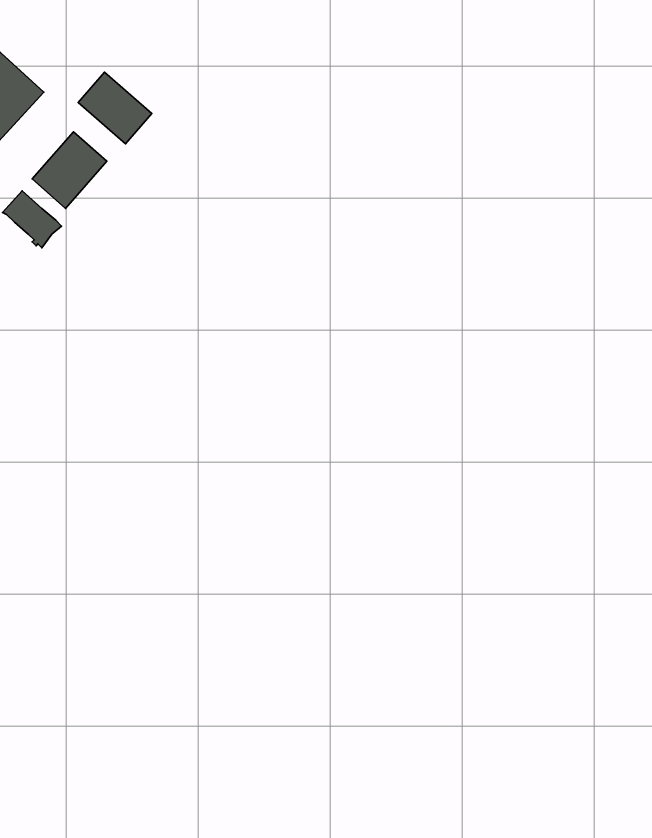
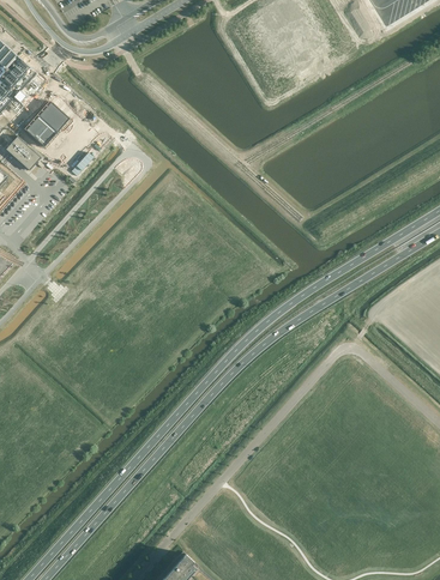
building: [78,72,152,144] -> none

